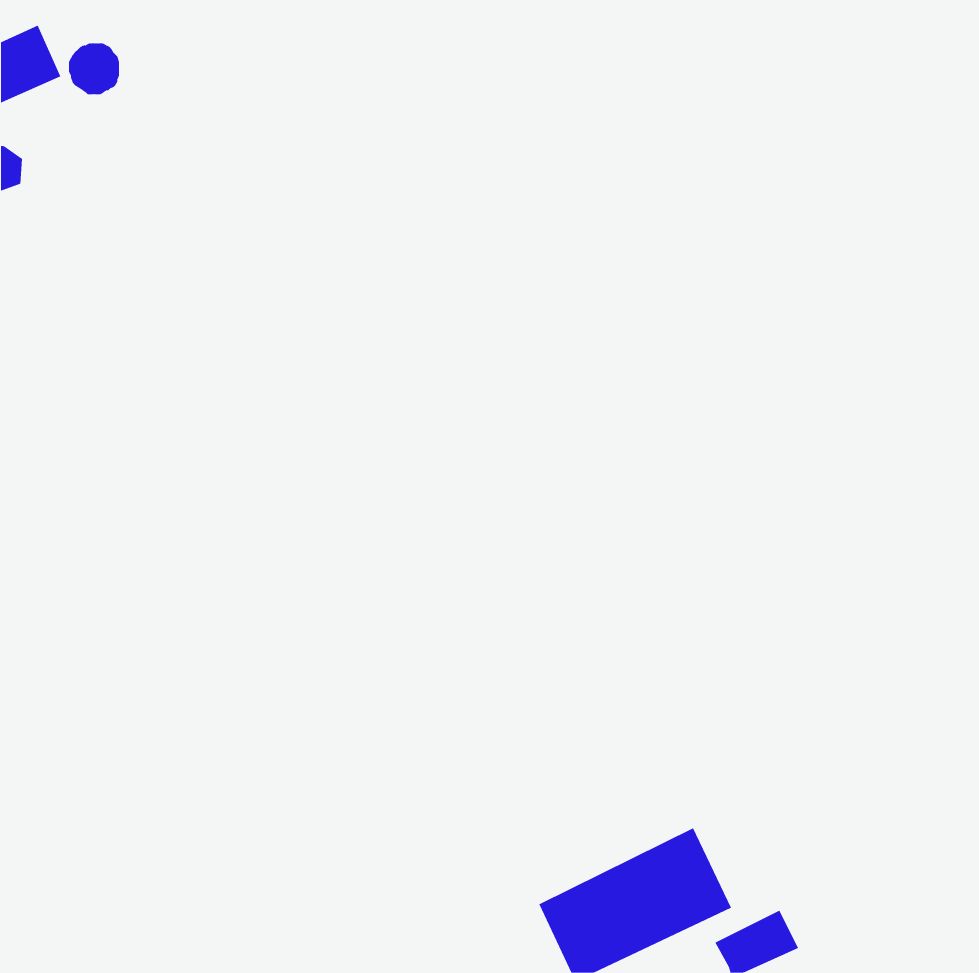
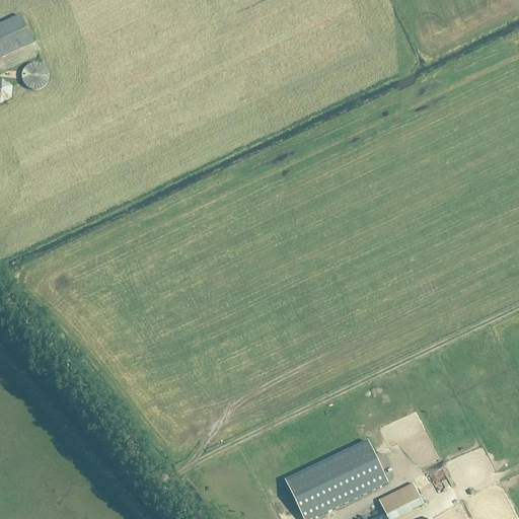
building: [68,43,120,95] -> [21,61,49,88]

